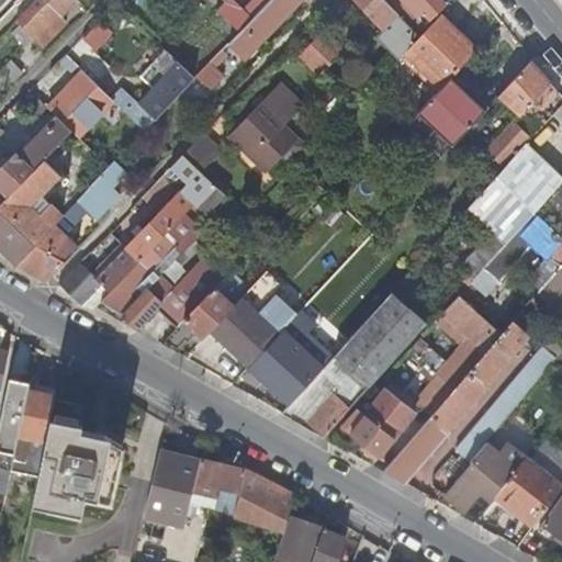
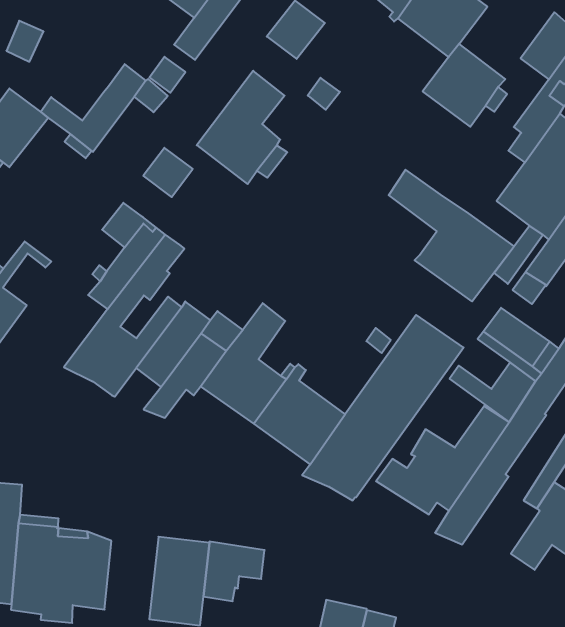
building: [167,156,224,215] -> none
building: [80,168,119,216] -> none
building: none -> [389,170,514,301]
building: [58,245,140,313] -> none
building: [234,468,293,532] -> none

